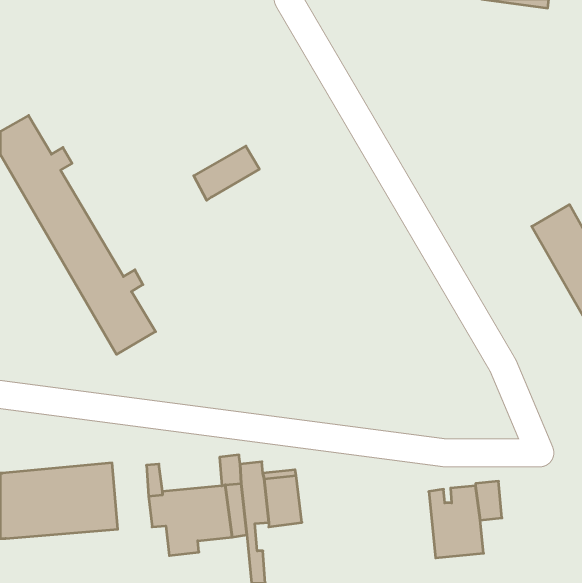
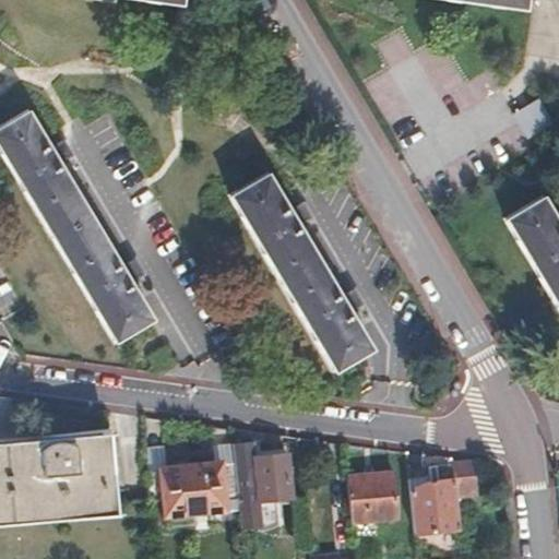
building: [194,146,259,200] -> none
building: none -> [234,171,373,369]
building: none -> [350,471,402,532]

